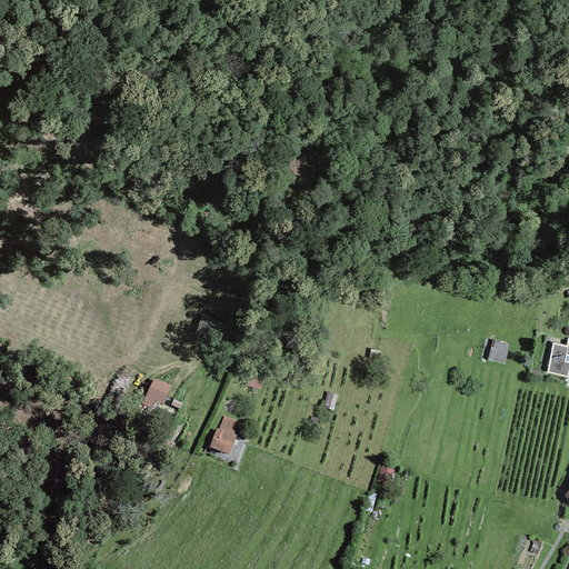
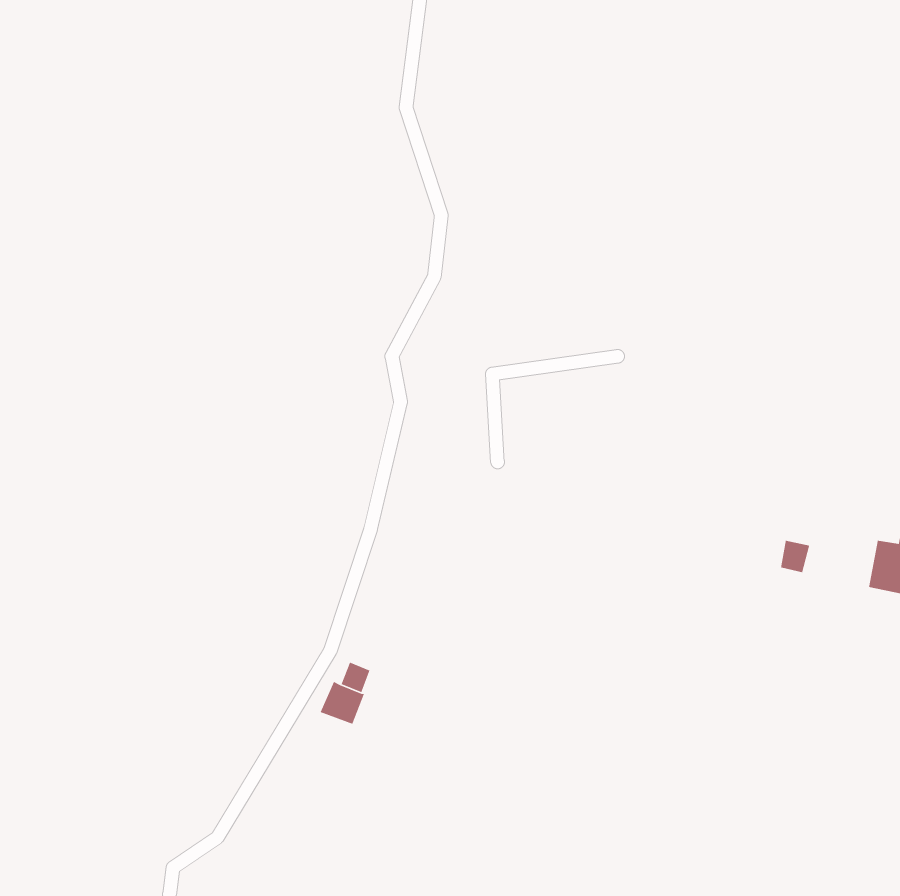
building: [147,379,174,409] -> none

